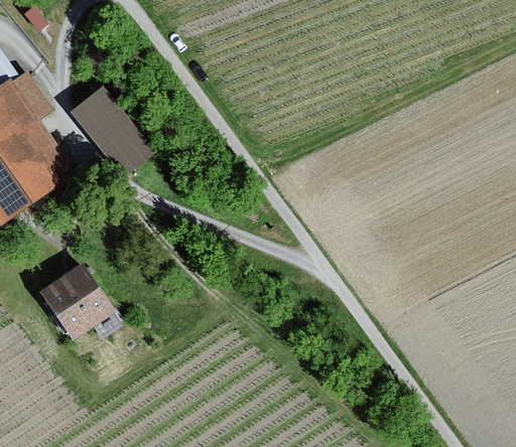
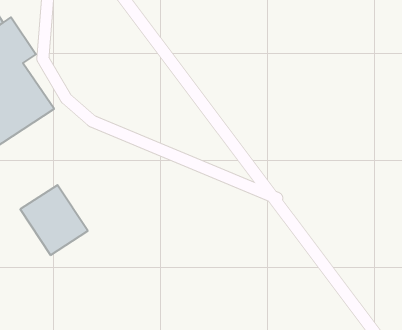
building: [68,85,154,177] -> none

